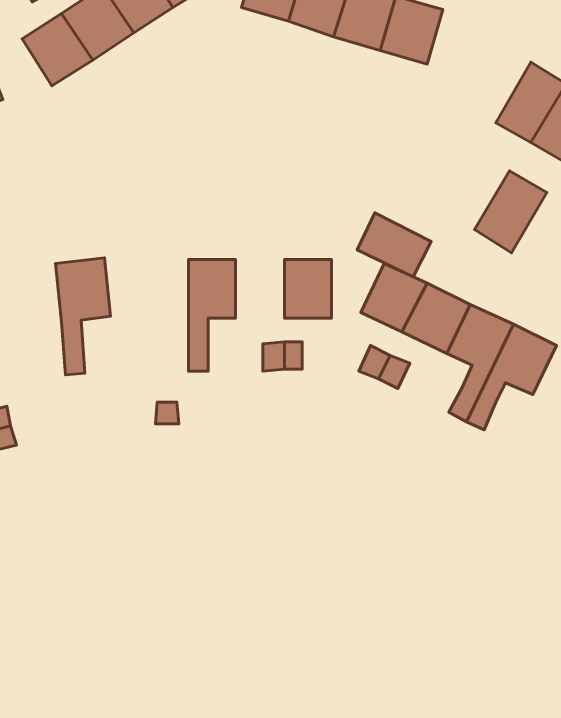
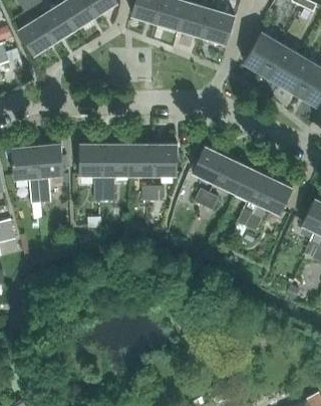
building: [474,171,547,253] -> [242,32,279,74]
building: [357,213,431,277] -> none
building: none -> [79,145,103,202]
building: none -> [127,145,152,175]
building: none -> [11,147,40,216]

